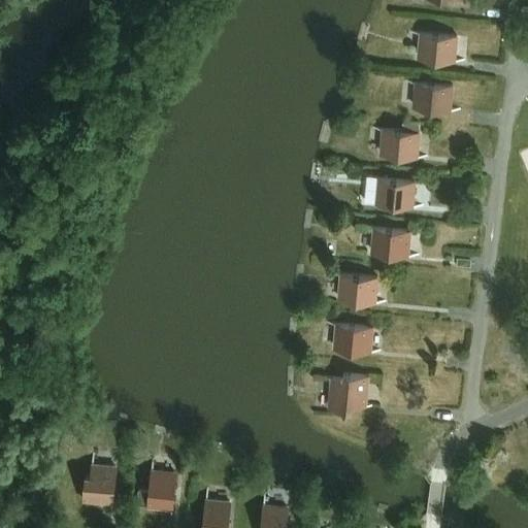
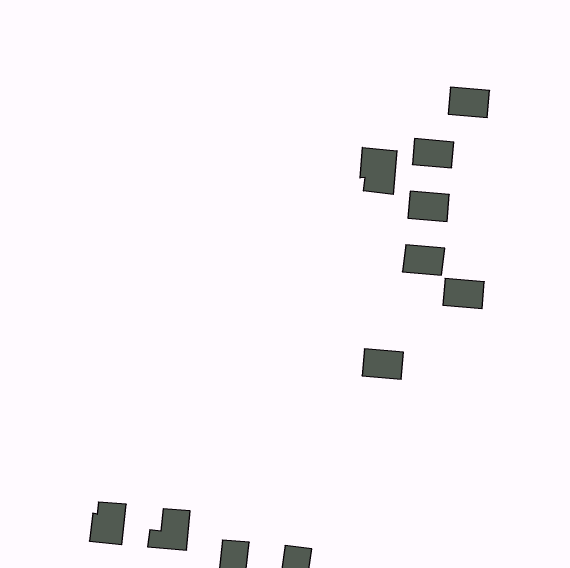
building: [419,34,457,63] -> none
building: none -> [360,147,397,194]
building: [339,275,377,303] -> [443,278,484,309]
building: [329,375,368,411] -> none

